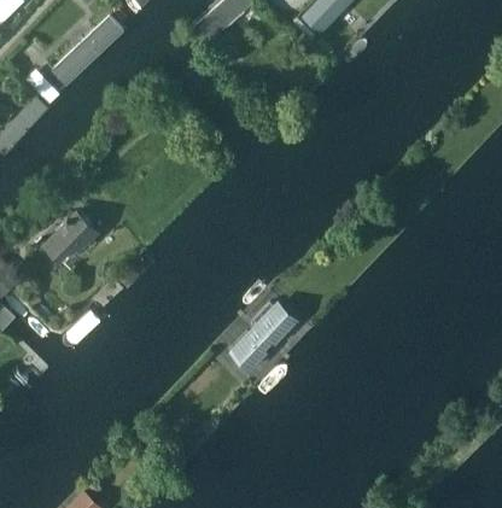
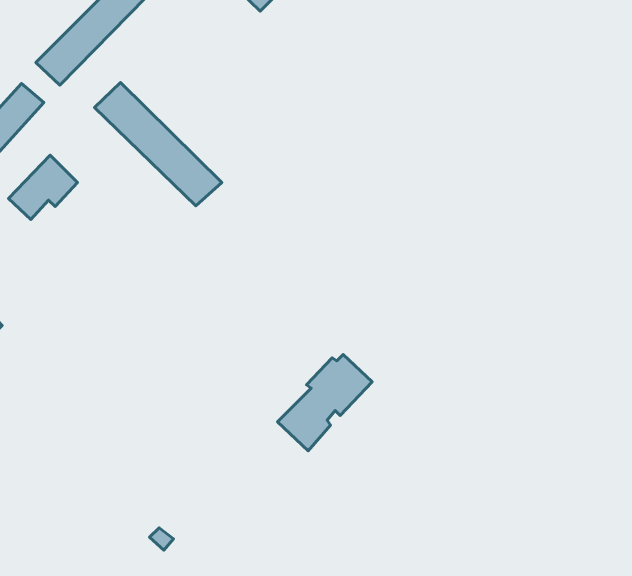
building: none -> [94,82,222,206]
building: [45,210,97,258] -> [9,155,77,219]

